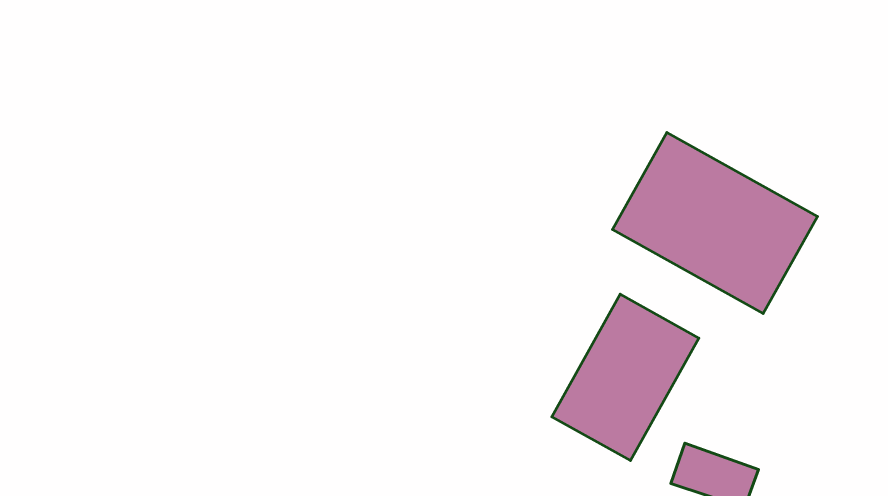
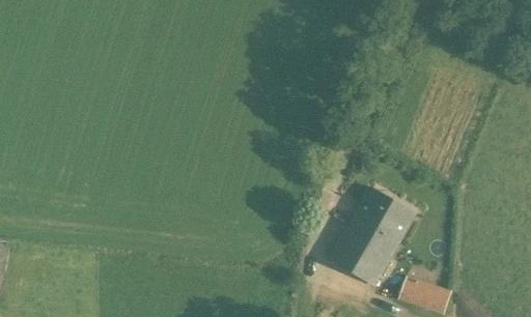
building: [613,132,818,313] -> none

